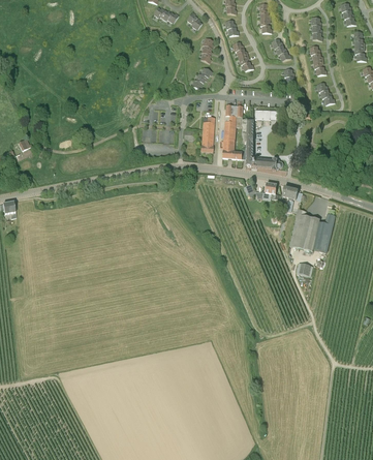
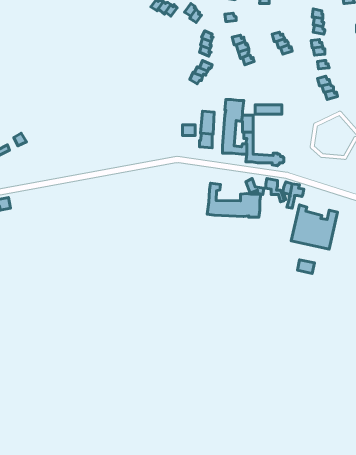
building: none -> [207,183,261,217]

